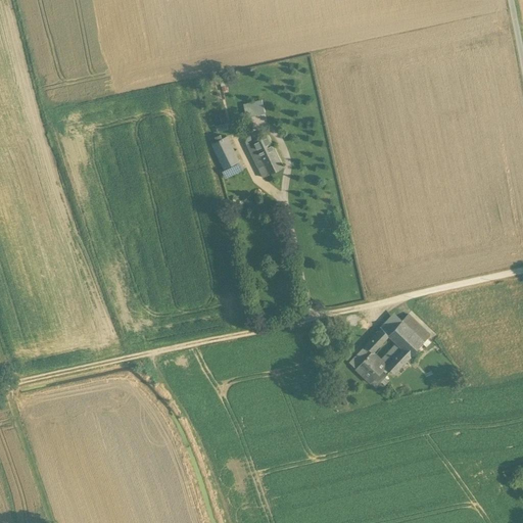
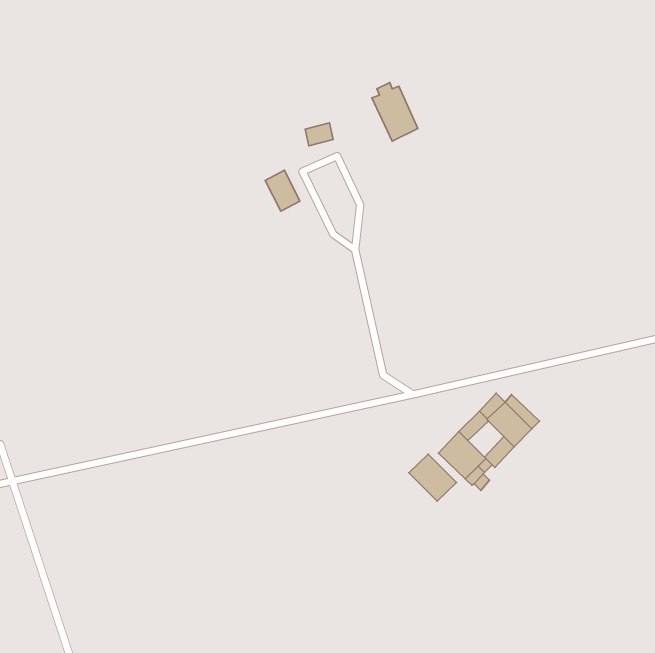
building: [246,132,283,179] -> [372,82,418,141]
building: none -> [409,454,457,501]

